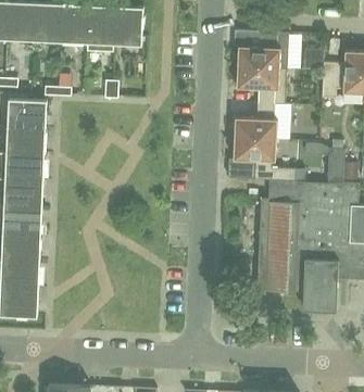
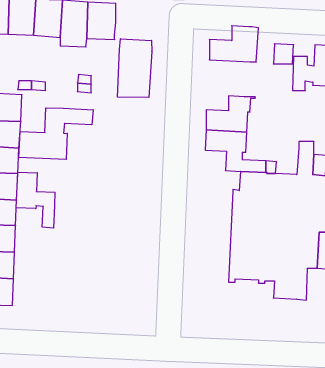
building: none -> [118,39,152,97]
building: [236,66,285,104] -> none
building: none -> [19,108,93,159]
building: none -> [16,172,55,228]

